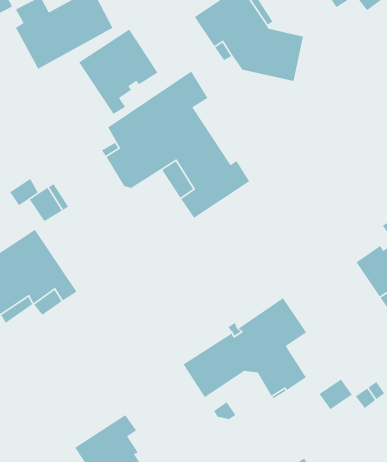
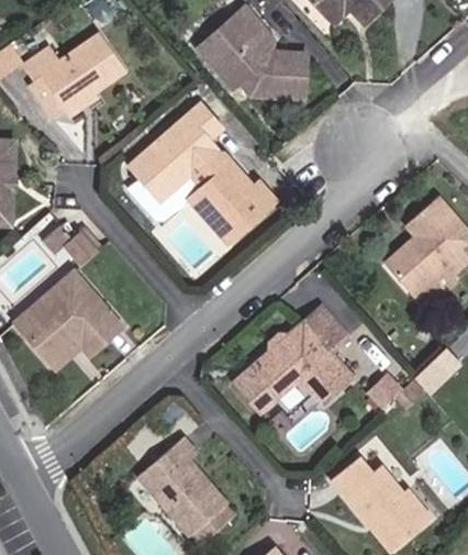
building: [78,28,158,115] -> none

